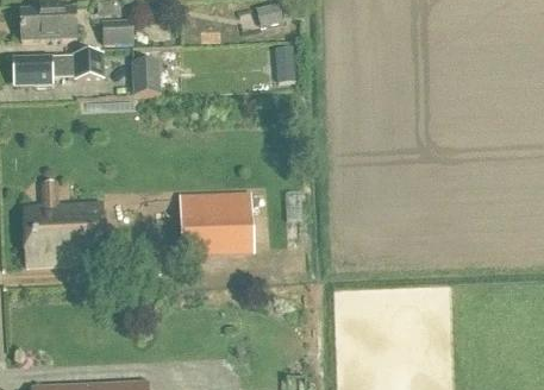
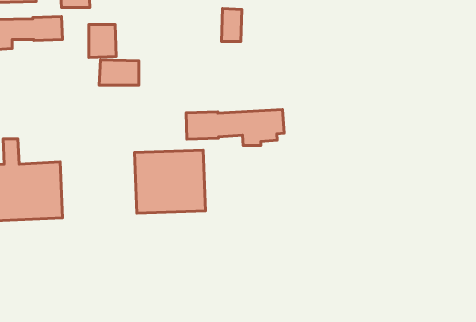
building: none -> [99,60,139,85]
building: none -> [186,110,284,145]

